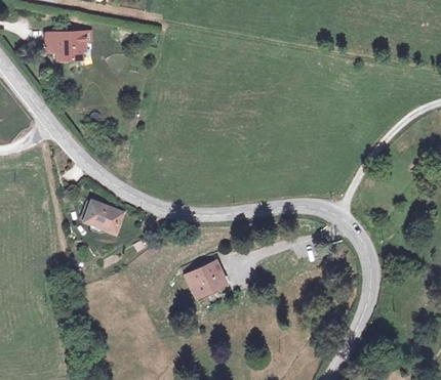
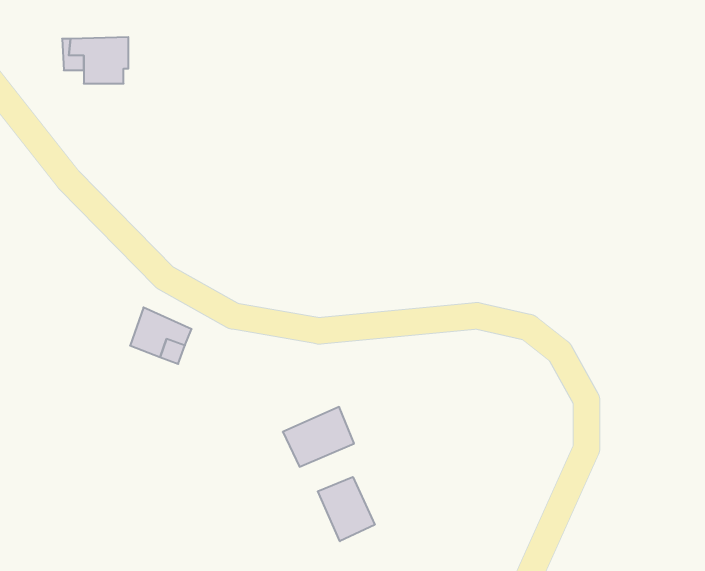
building: none -> [318,477,375,541]

